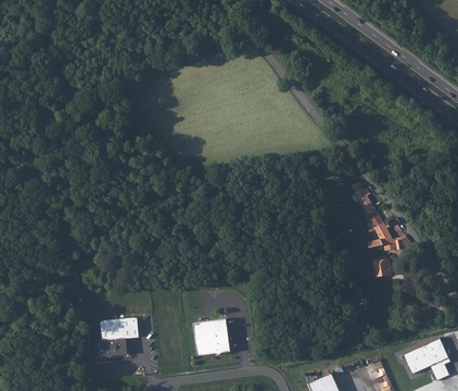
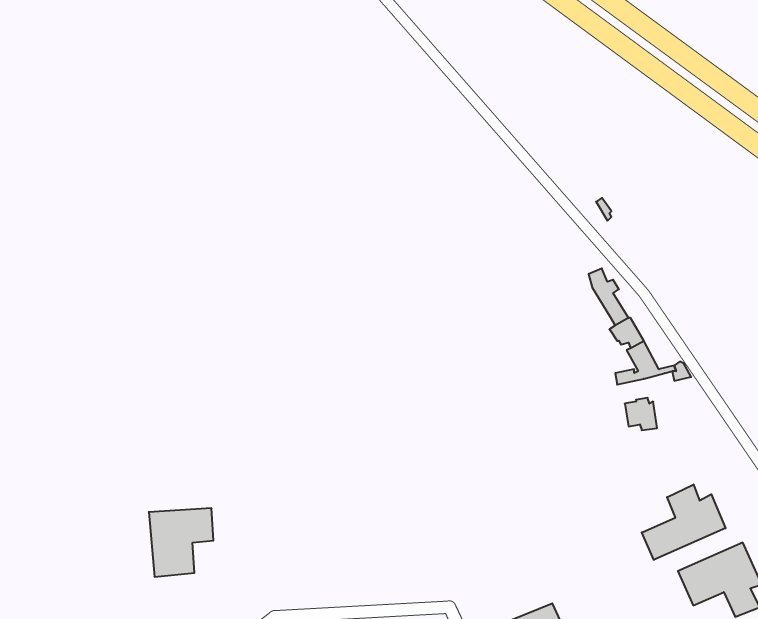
building: none -> [642,484,726,560]
building: [193,318,230,355] -> none

